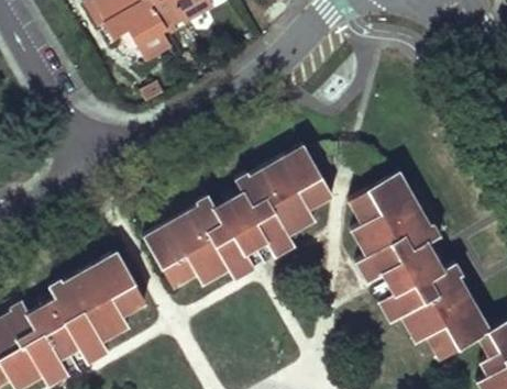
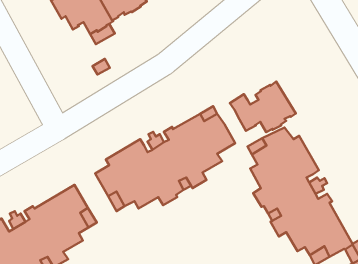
building: none -> [230,81,296,132]

